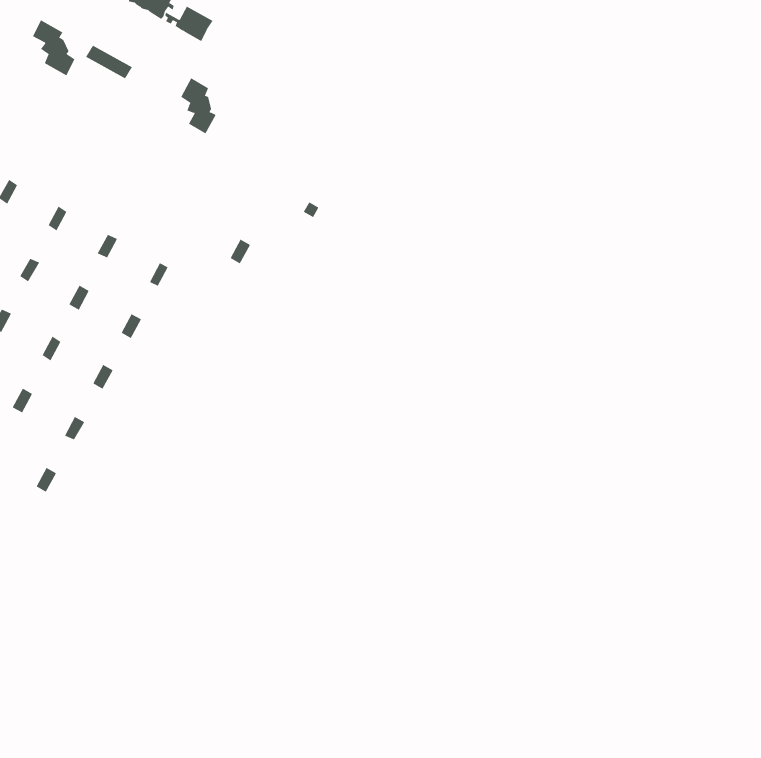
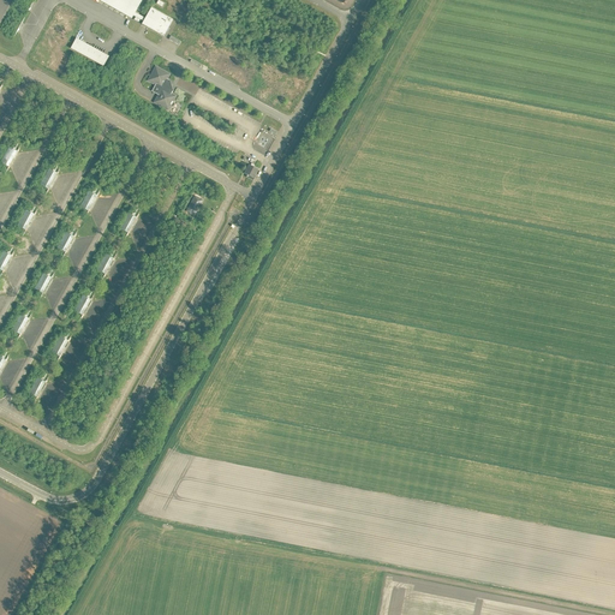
building: [32,20,75,76] -> none

